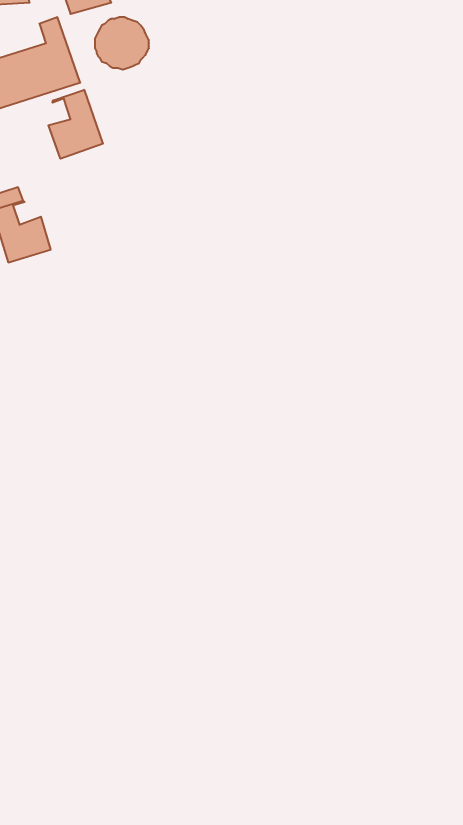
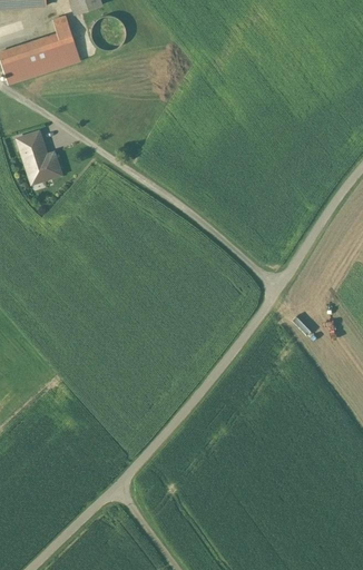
building: [48,90,103,159] -> none

